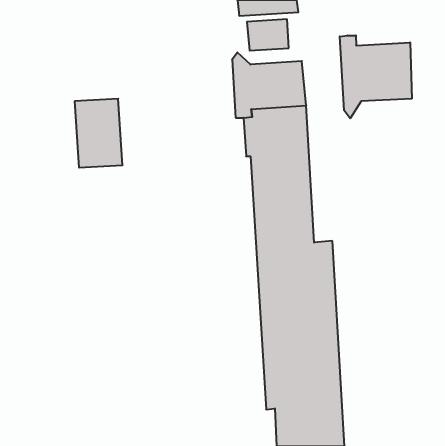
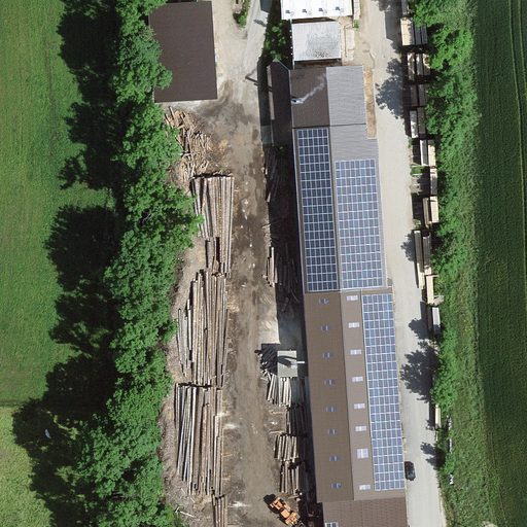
building: [340,35,412,118] -> none
building: [75,99,123,168] -> [155,12,212,94]

